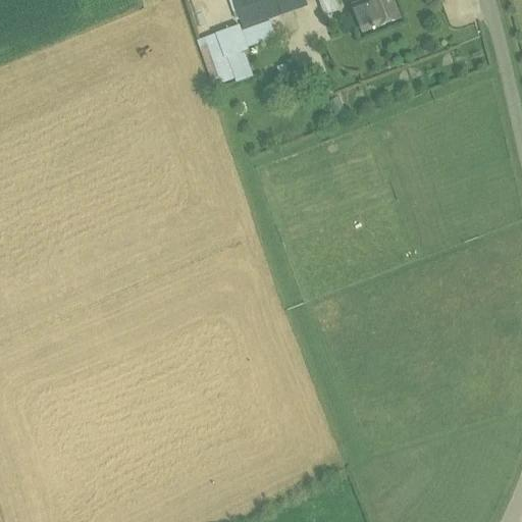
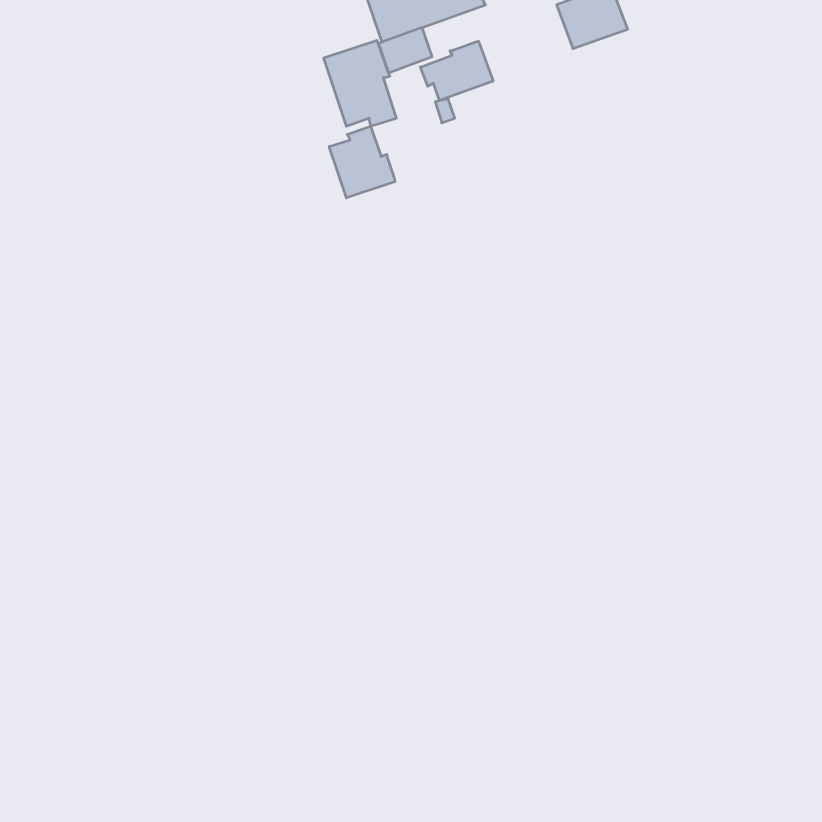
building: none -> [420,41,493,100]
building: none -> [329,126,395,198]

